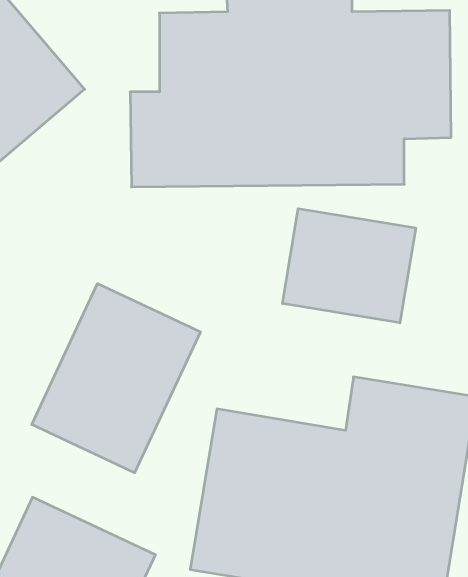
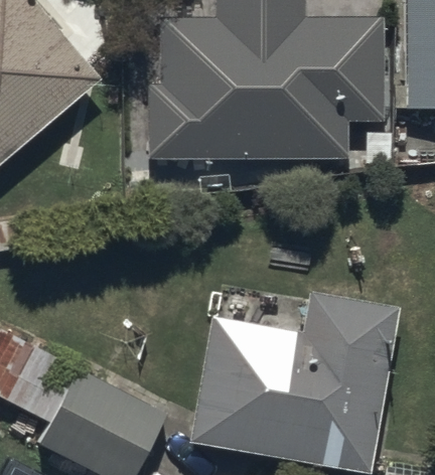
building: [283,209,416,323] -> none
building: [32,284,200,473] -> none

